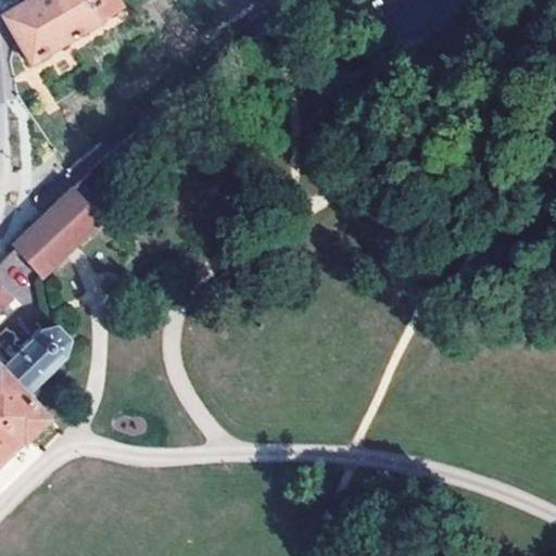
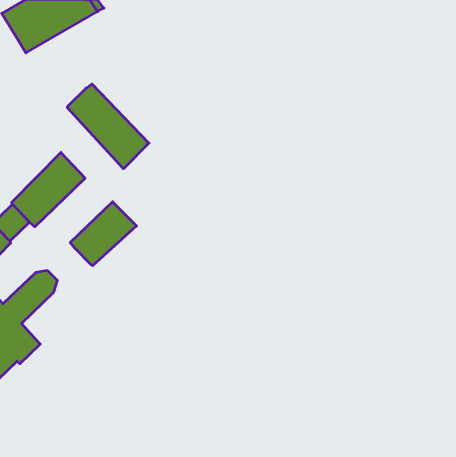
building: none -> [67,84,149,169]
building: none -> [70,202,137,266]

